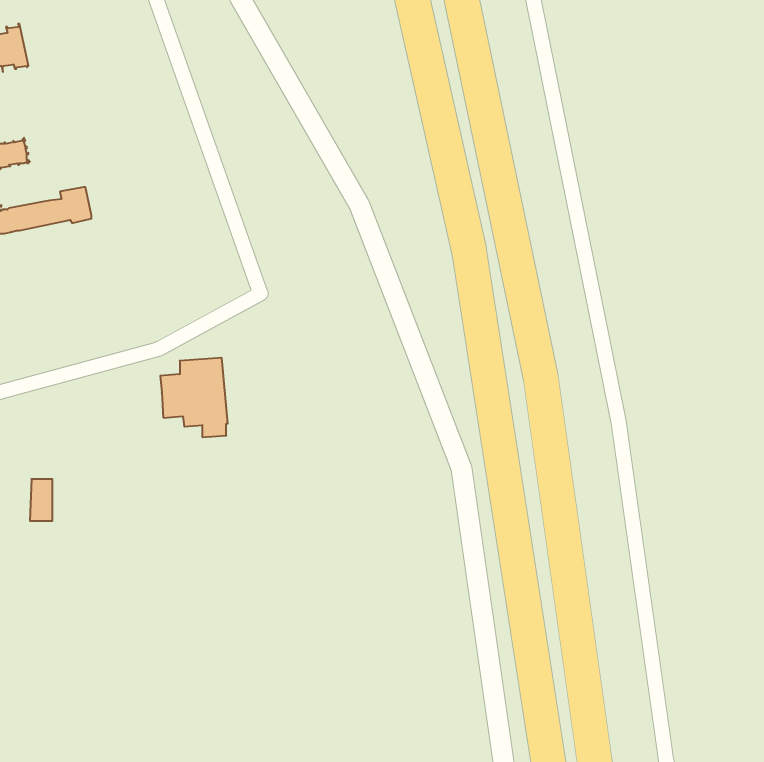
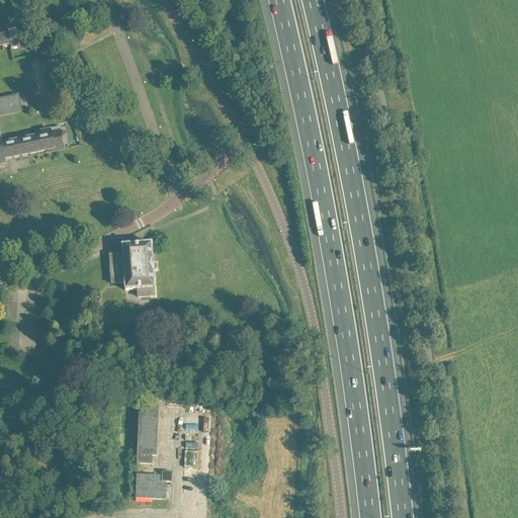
building: none -> [136,402,157,462]
building: none -> [135,470,170,498]

